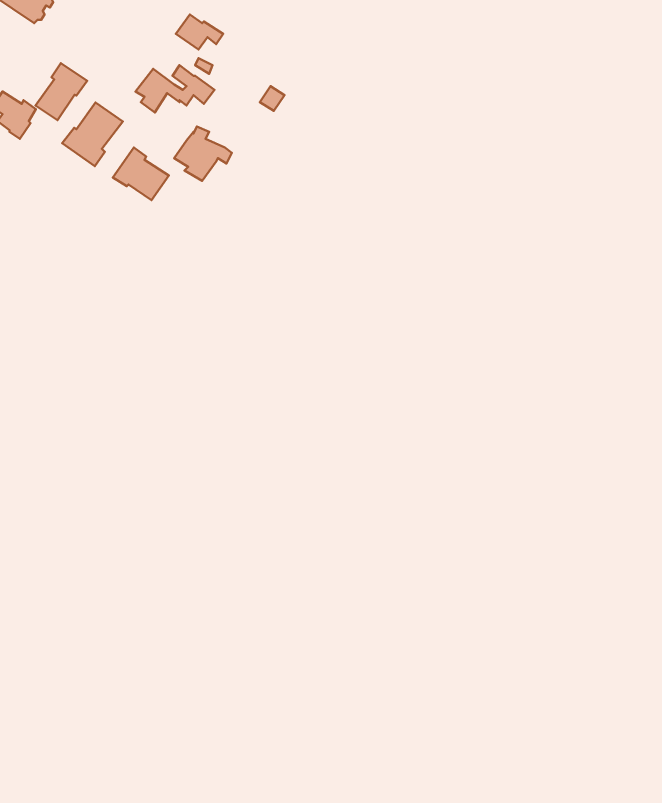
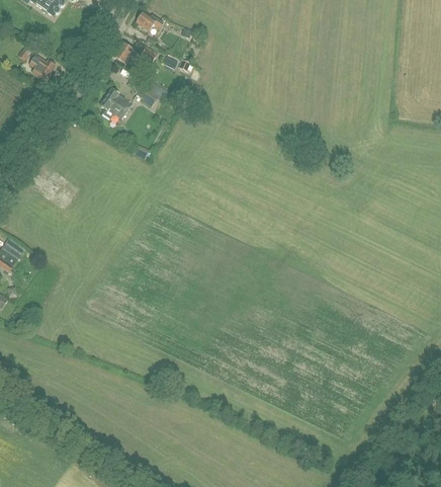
building: [35,63,87,120] -> none
building: [62,103,123,166] -> none

